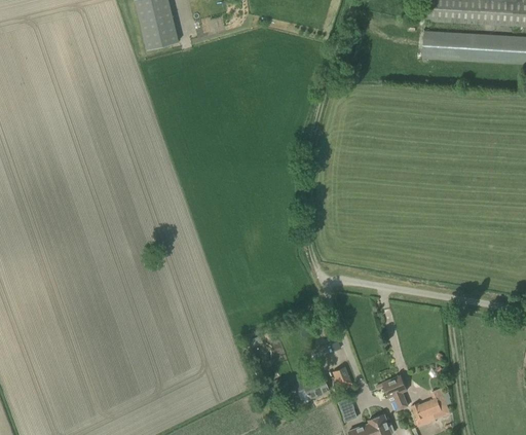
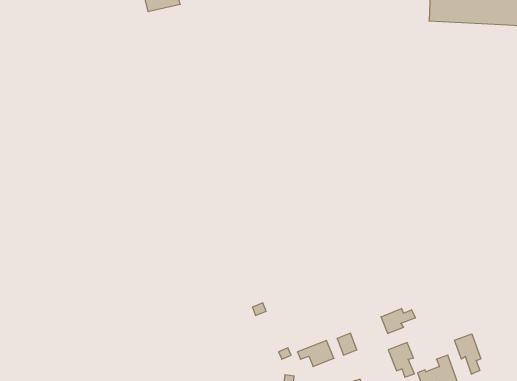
building: none -> [381,308,415,334]
building: none -> [455,334,481,374]

